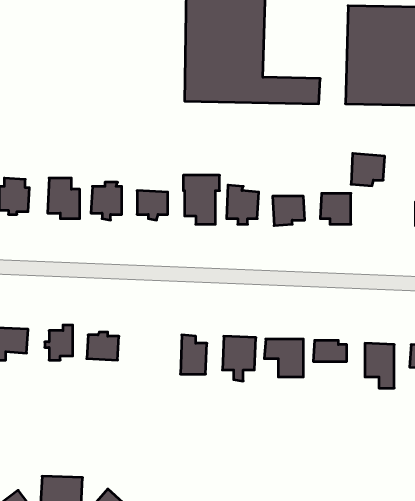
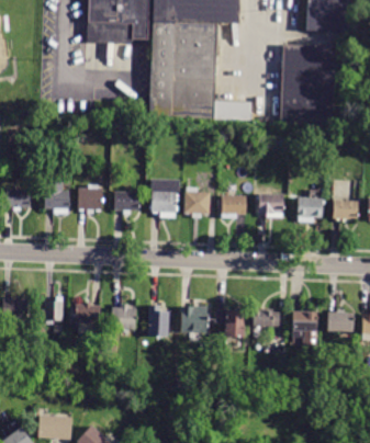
building: [351,153,385,186] -> [296,196,323,222]
building: none -> [111,303,136,329]

